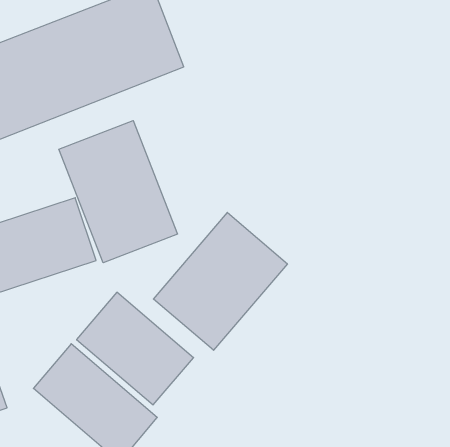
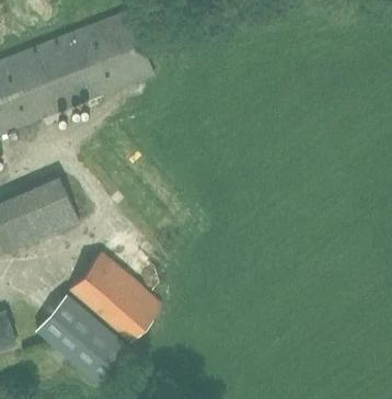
building: [59,121,177,263] -> none
building: [153,212,287,350] -> none

